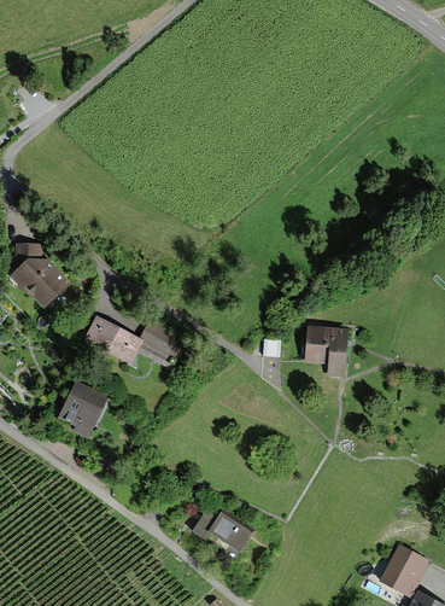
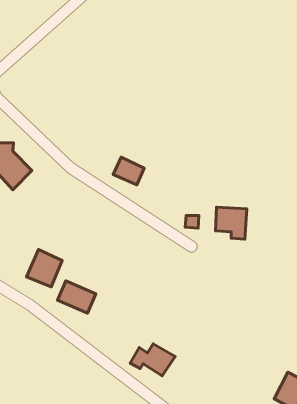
building: [83,317,139,363] -> none
building: [145,324,186,360] -> [113,157,144,185]
building: none -> [58,281,96,313]

